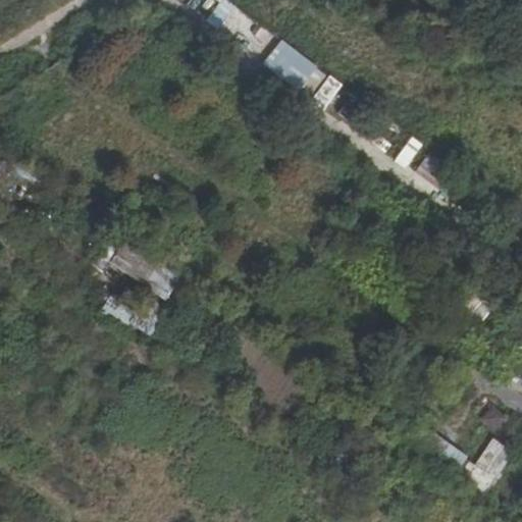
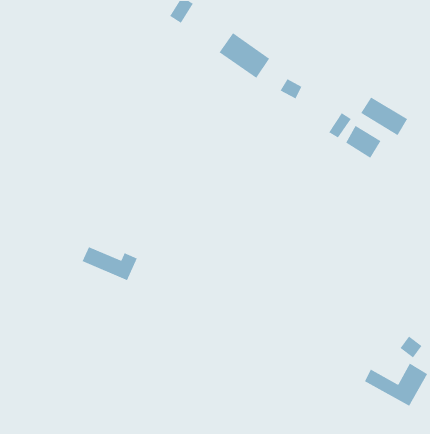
building: none -> [360,96,408,136]
building: [108,243,180,297] -> none

